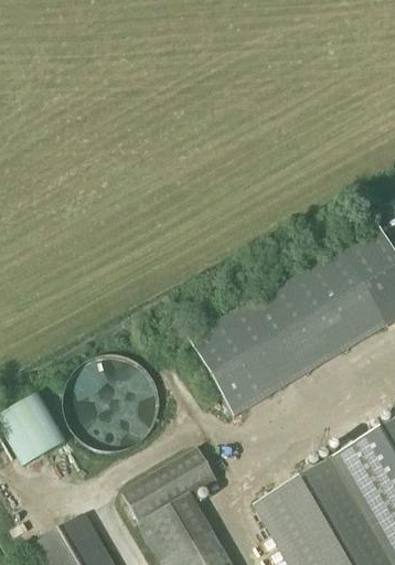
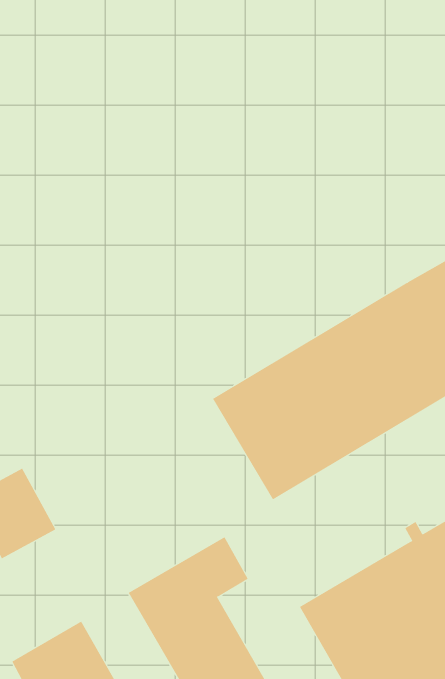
building: [57,345,151,439] -> none

